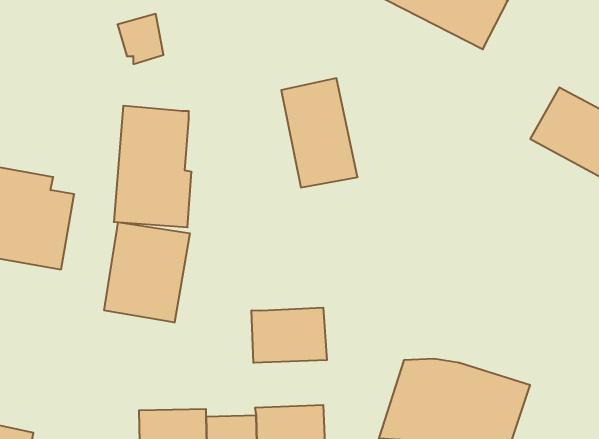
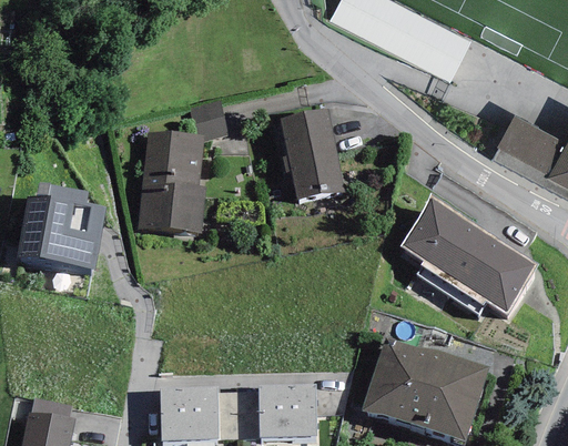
building: [117,14,164,64] -> [189,101,227,143]
building: none -> [399,197,538,316]
building: [104,222,190,323] -> none
building: [252,308,327,363] -> none

